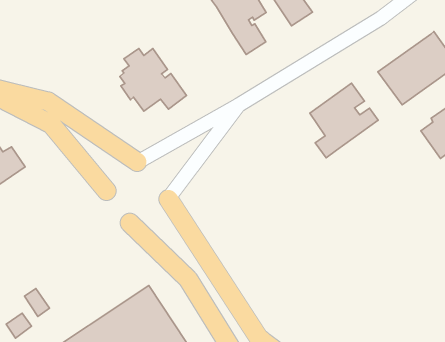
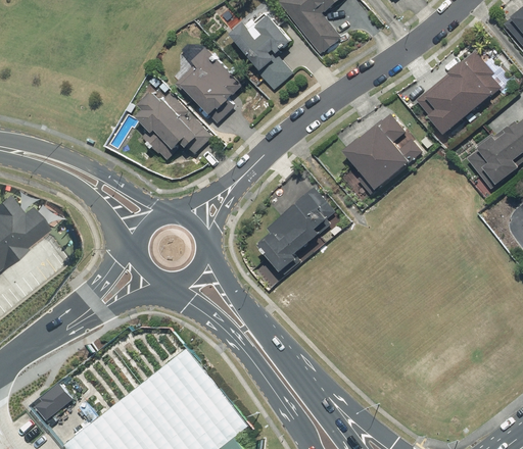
building: none -> [178,48,242,122]
building: none -> [252,188,334,276]
building: [24,288,50,317] -> none

